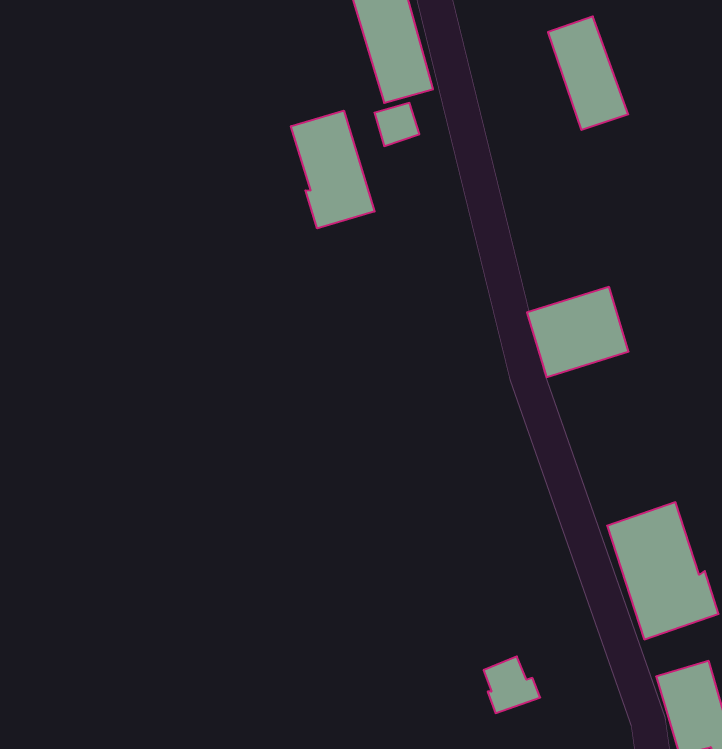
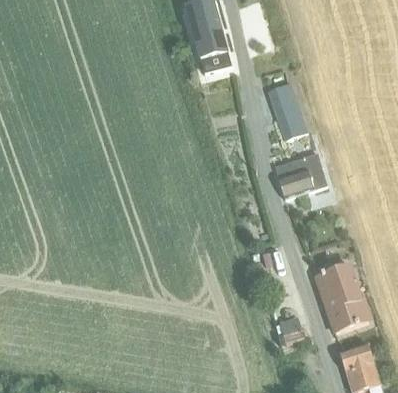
building: [548,16,628,130] -> [267,83,308,141]
building: [291,111,375,228] -> none
building: [484,656,540,713] -> [279,316,308,345]

